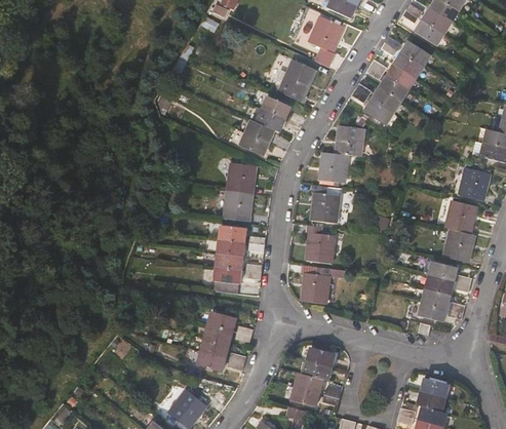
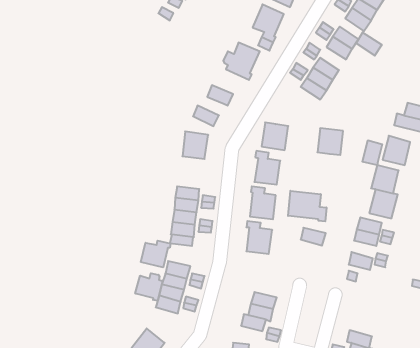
building: [386,64,416,90] -> [356,32,382,56]
building: [261,94,290,118] -> none
building: [244,119,275,143] -> none
building: [335,125,364,156] -> [317,128,343,155]
building: none -> [362,140,382,165]
building: [224,190,252,221] -> none
building: none -> [288,191,326,221]
building: none -> [141,241,170,267]
building: [422,287,451,308] -> [301,228,326,246]
building: none -> [135,273,162,301]
building: [420,377,449,398] -> none
building: [290,386,319,406] -> none

